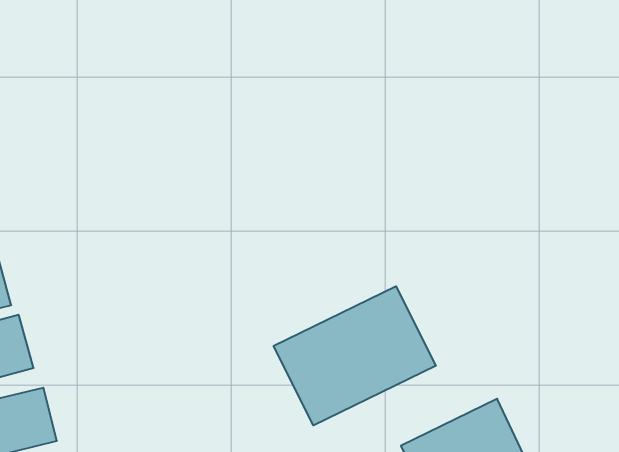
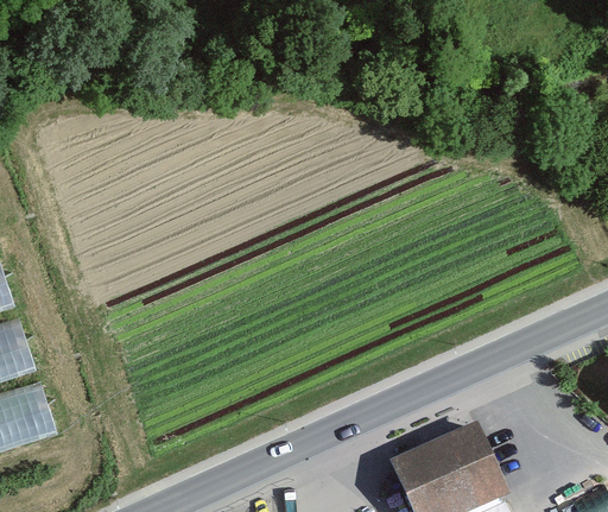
building: [274,286,436,425] -> none

